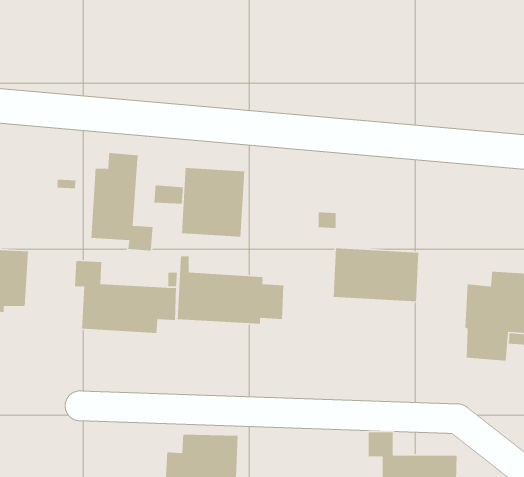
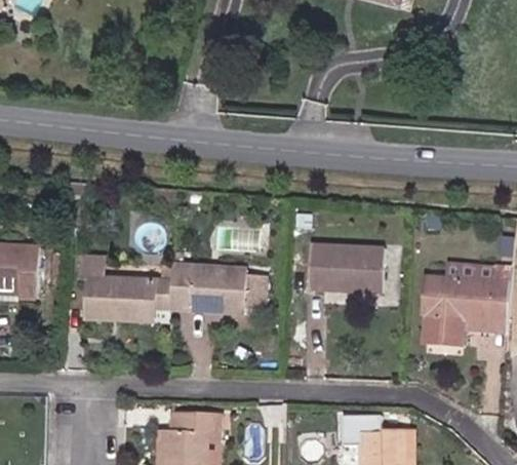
building: [90,152,154,252] -> none
building: [181,167,245,237] -> none

